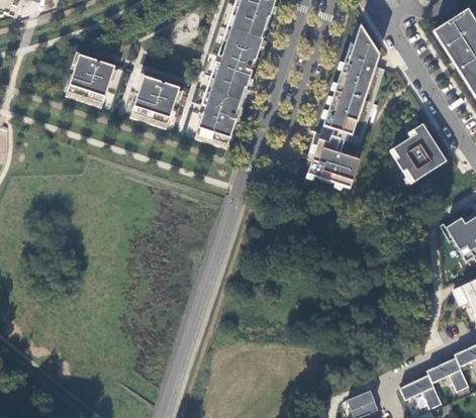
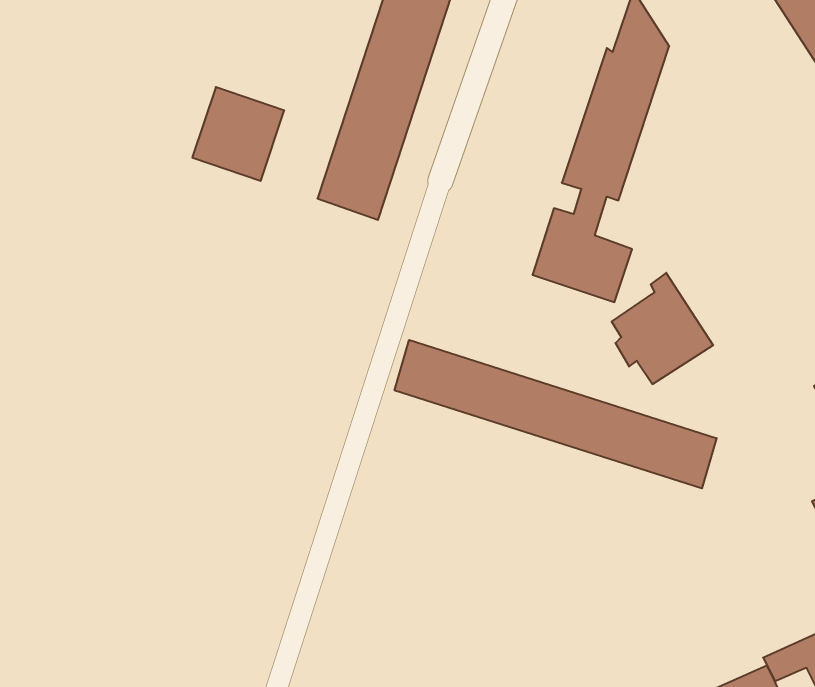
building: [67,55,114,103] -> none
building: [393,123,446,181] -> [612,273,713,384]
building: none -> [395,340,717,488]

